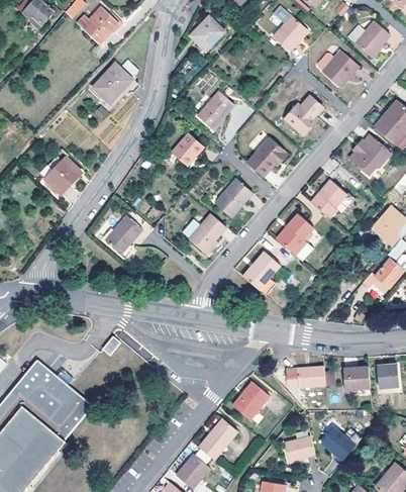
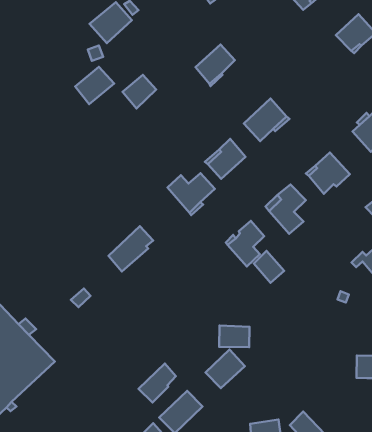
building: [286,96,323,135] -> none
building: [171,133,202,166] -> [122,75,156,109]
building: [46,158,83,194] -> [75,67,114,104]
building: [105,209,145,254] -> [108,226,153,271]
building: none -> [254,251,284,283]
building: [296,367,326,389] -> [219,325,250,347]
building: [344,368,371,391] -> none
building: none -> [139,363,176,403]

